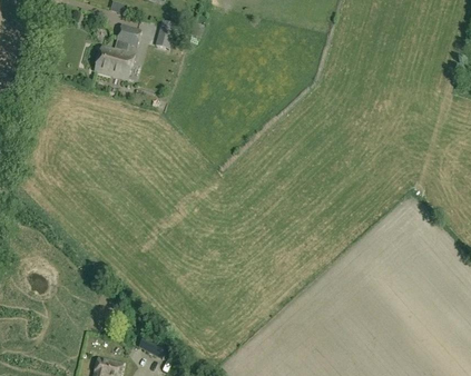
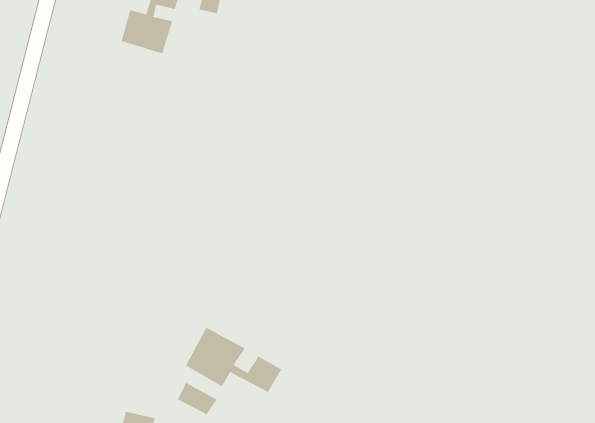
building: none -> [185,327,282,393]

